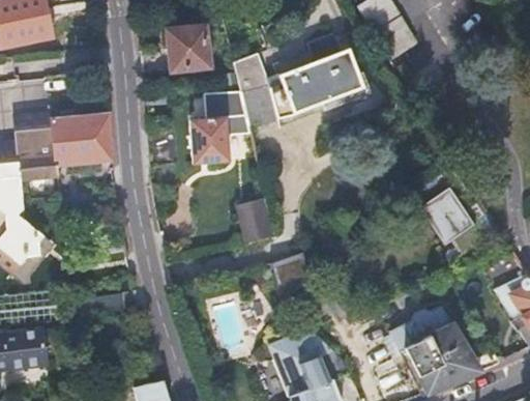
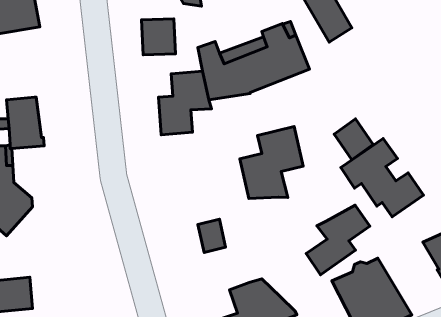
building: [49,116,112,167] -> none
building: none -> [334,119,373,160]
building: none -> [240,126,303,199]
building: [237,202,269,240] -> [198,219,226,253]
building: none -> [306,205,370,275]

